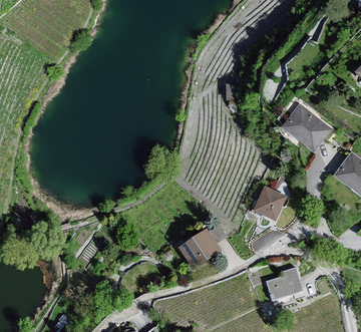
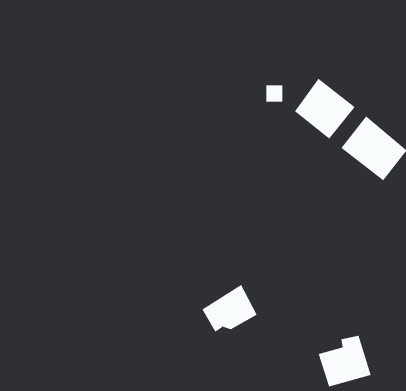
building: none -> [294,78,355,139]
building: [253,186,286,221] -> none

